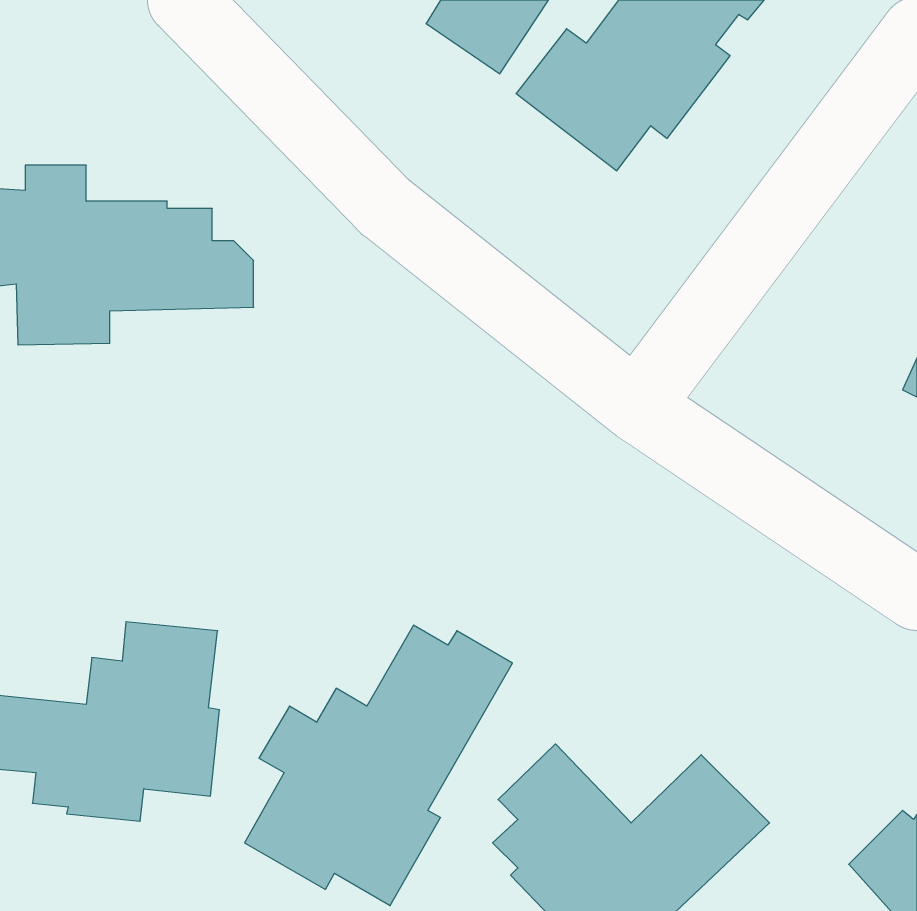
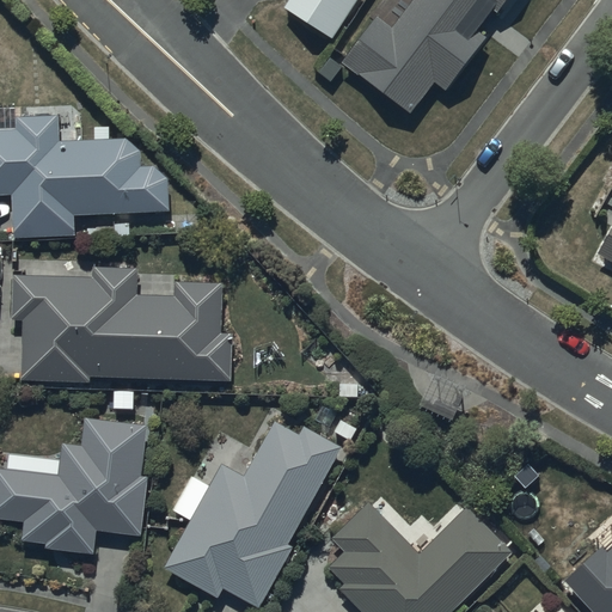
building: none -> [11,267,231,381]

